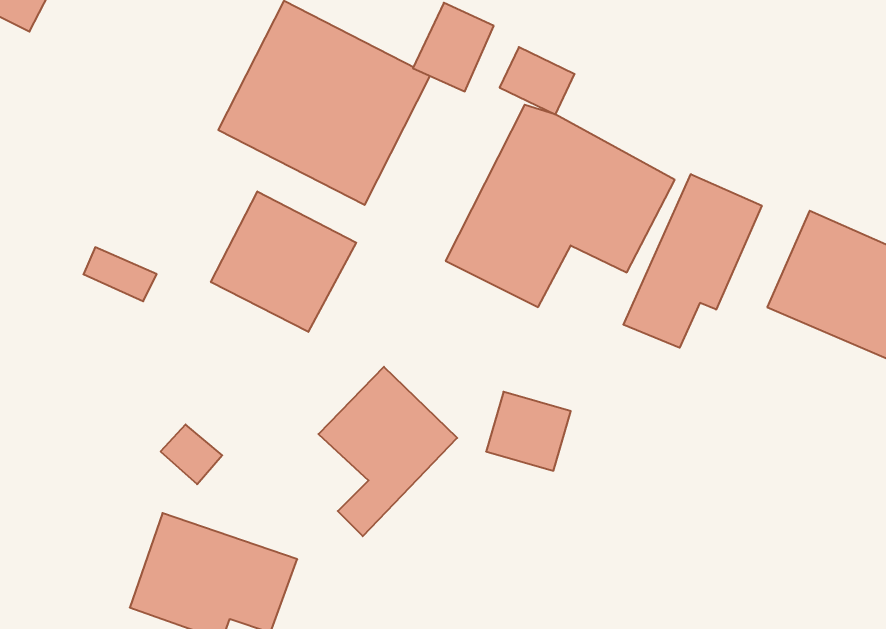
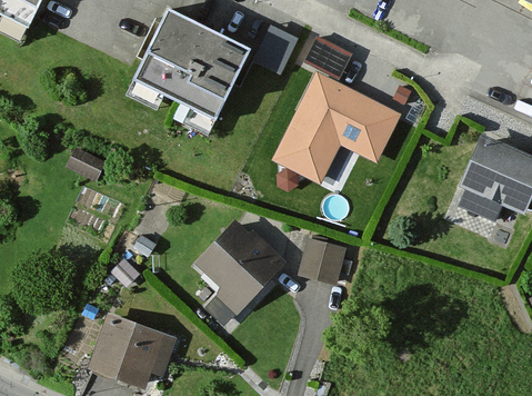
building: [623,174,762,348] -> none
building: [211,191,356,332] -> none

